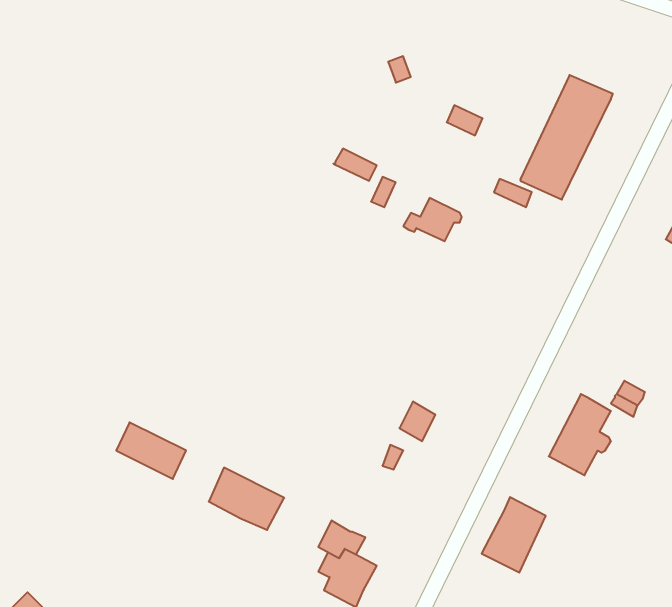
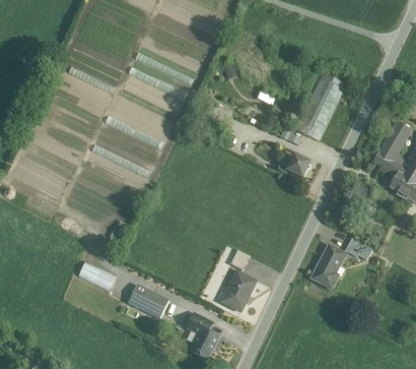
building: [403,198,462,241] -> [279,153,310,177]
building: [482,497,546,573] -> [221,270,256,311]

